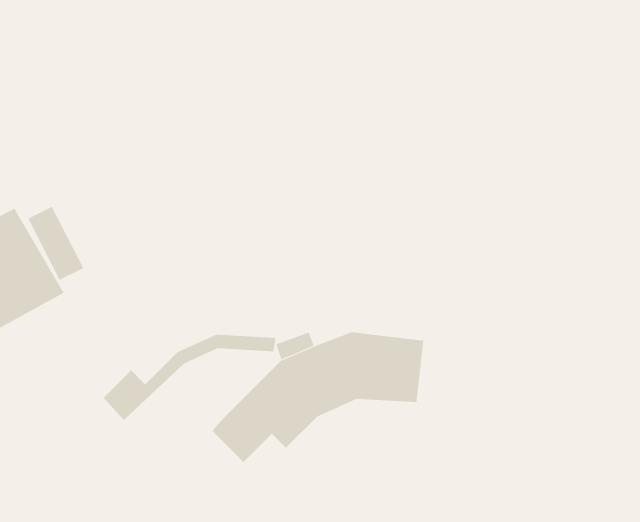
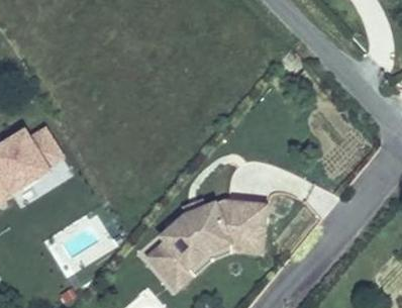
building: [103,334,276,421] -> [158,234,257,284]

